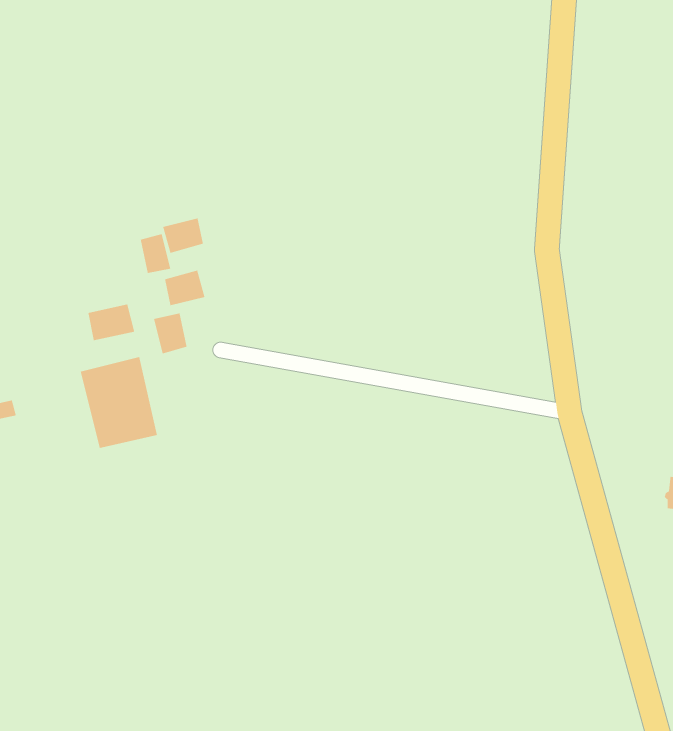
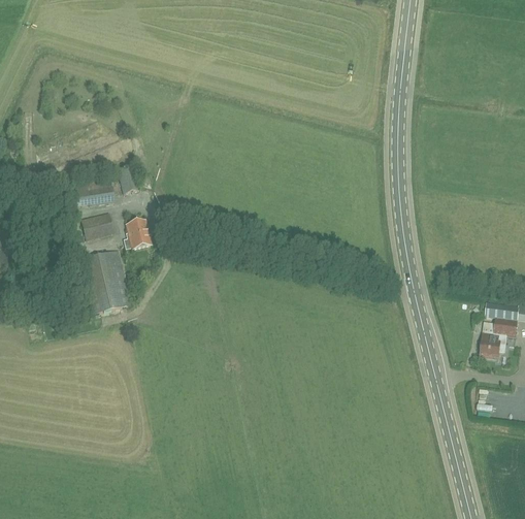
building: [162,217,204,254] -> none
building: [164,269,206,306] -> none

